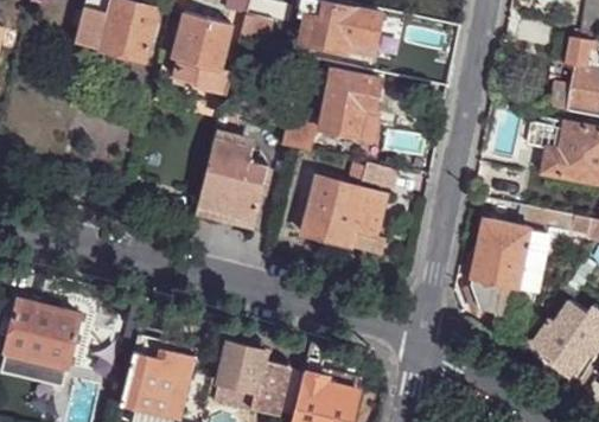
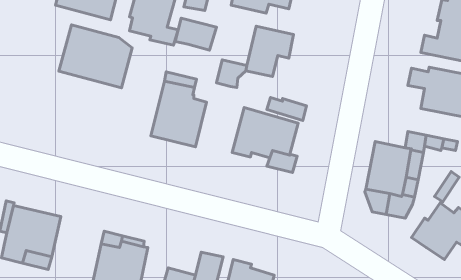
building: none -> [175,18,216,50]
building: none -> [59,25,132,88]
building: [218,341,265,391] -> none

